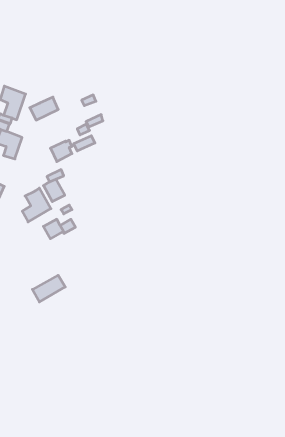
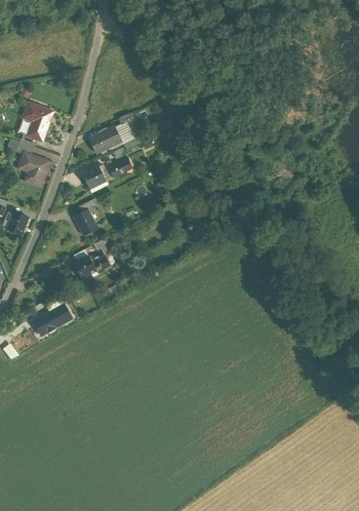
building: [30,97,58,120] -> [87,125,120,152]
building: [22,188,51,222] -> none
building: [32,275,65,302] -> [32,303,70,333]

